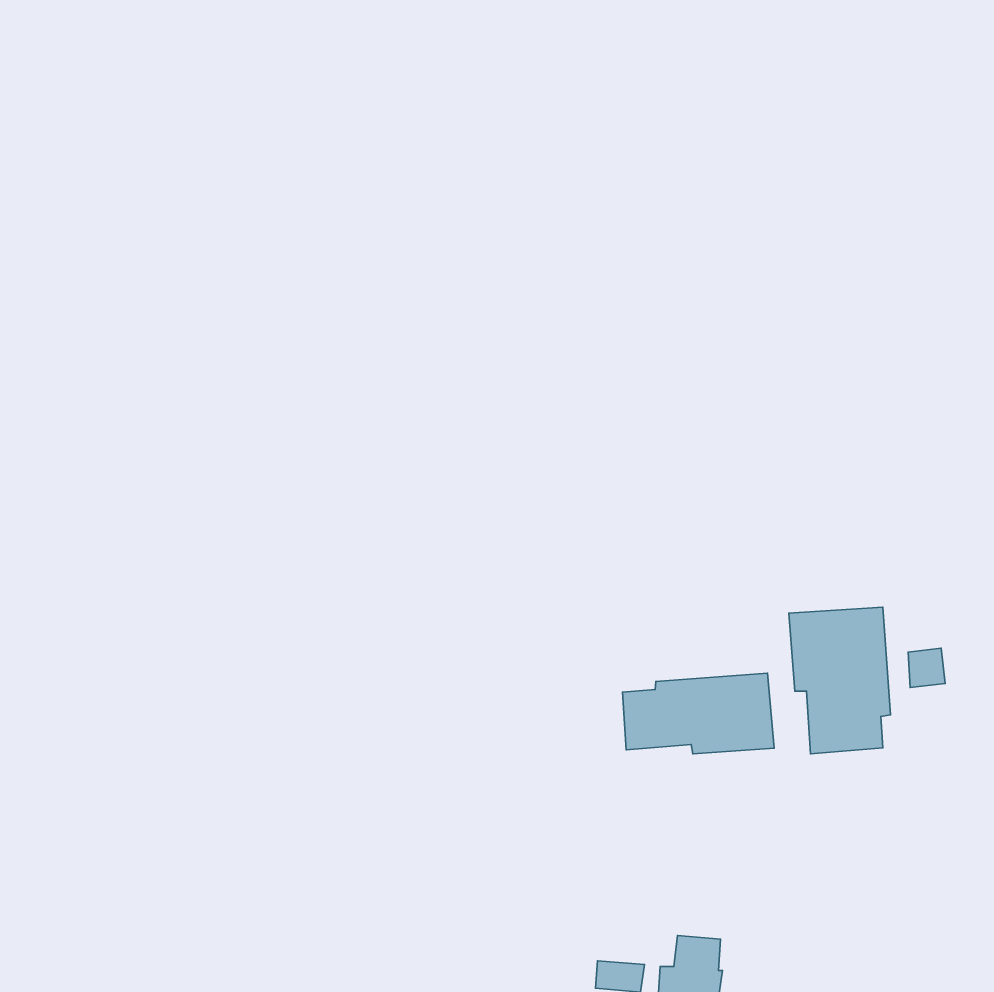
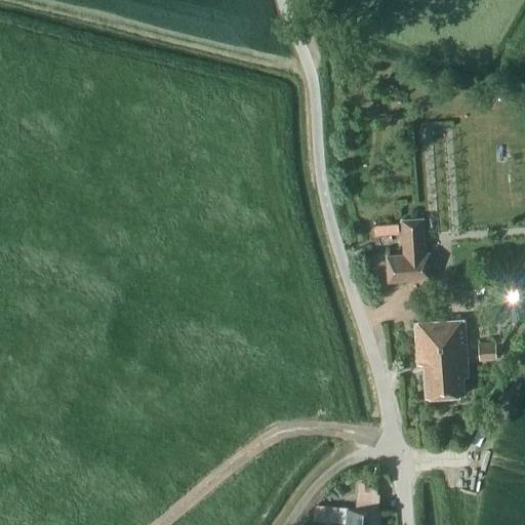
building: none -> [387,219,430,283]
building: [623,673,774,754] -> none

